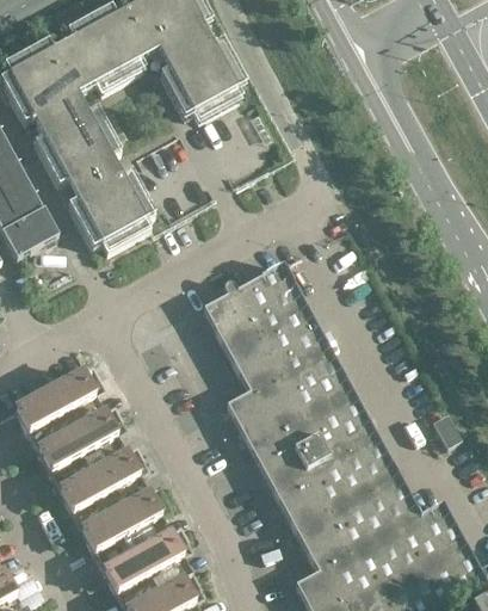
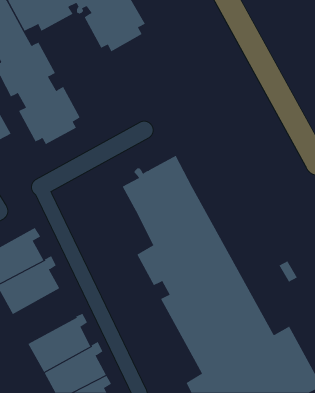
building: [56,445,146,529] -> none

